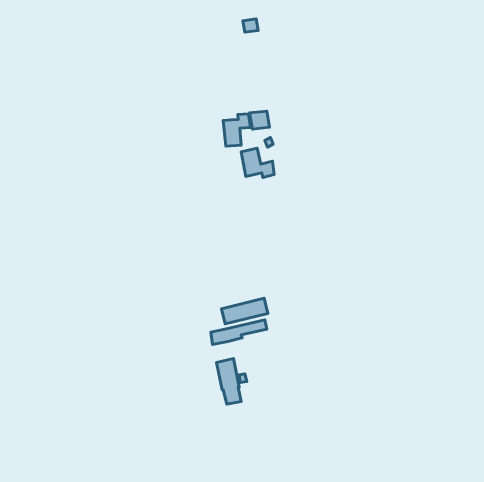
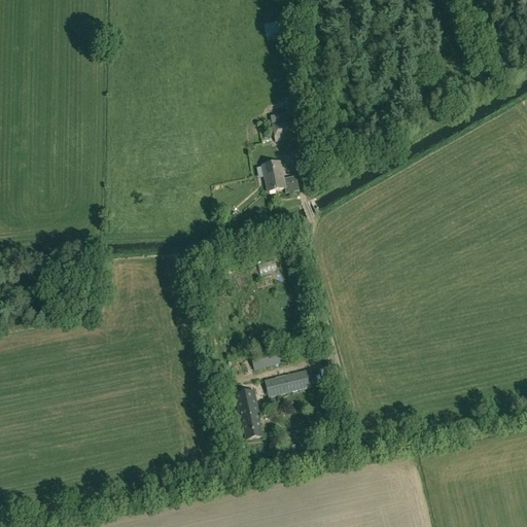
building: [223,114,251,146] -> none
building: [221,298,268,324] -> [264,368,314,396]

